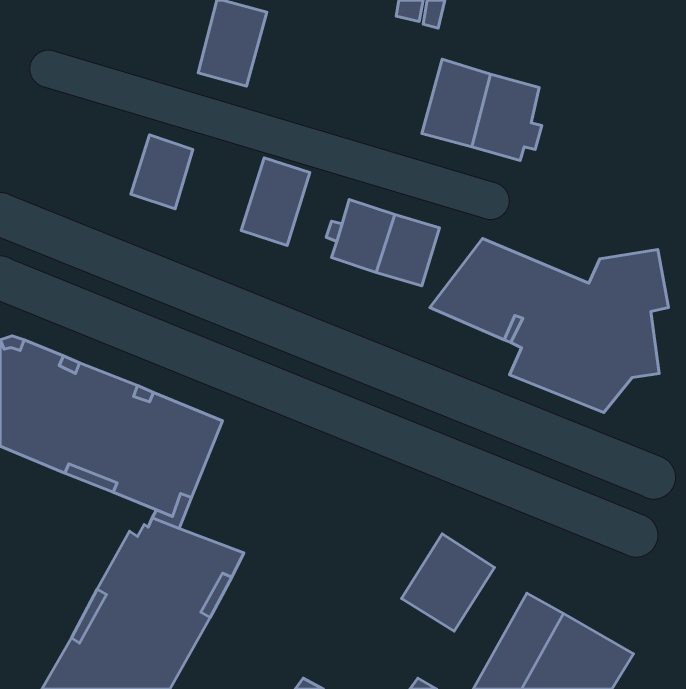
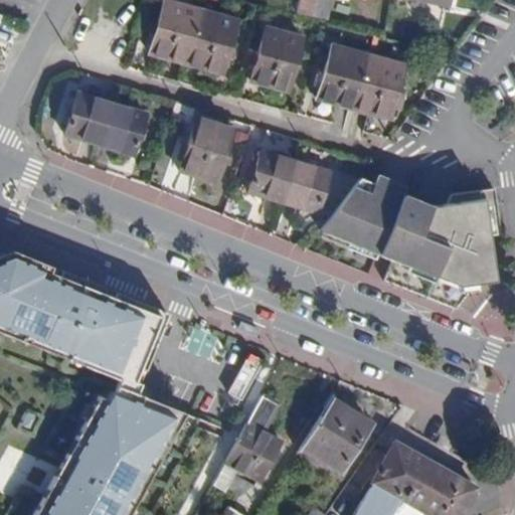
building: none -> [186,9,237,73]
building: none -> [252,27,303,92]
building: none -> [66,91,114,145]
building: none -> [213,395,283,493]

